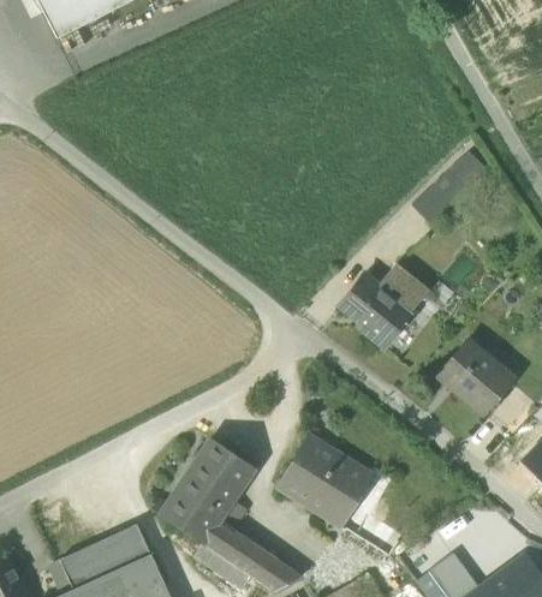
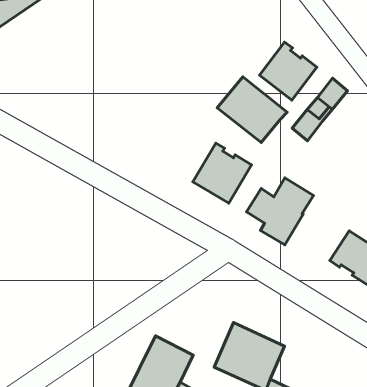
building: none -> [259,42,317,100]
building: none -> [217,77,287,142]
building: none -> [193,143,252,203]

